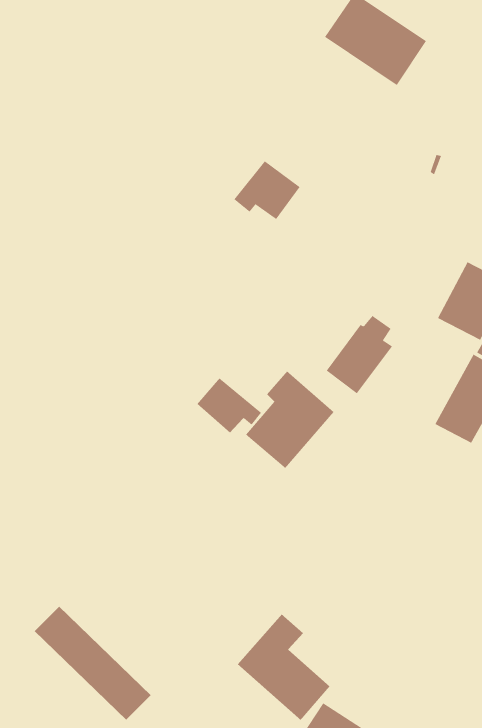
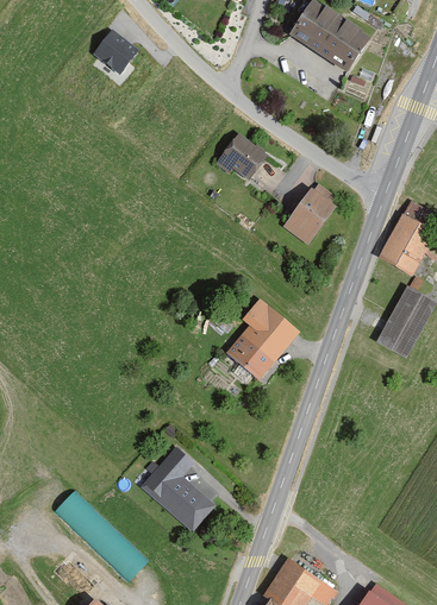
building: none -> [95,29,138,71]
building: [326,315,393,394] -> [282,187,336,250]
building: [197,378,262,434] -> none
building: [237,614,331,721] -> [139,449,214,535]

